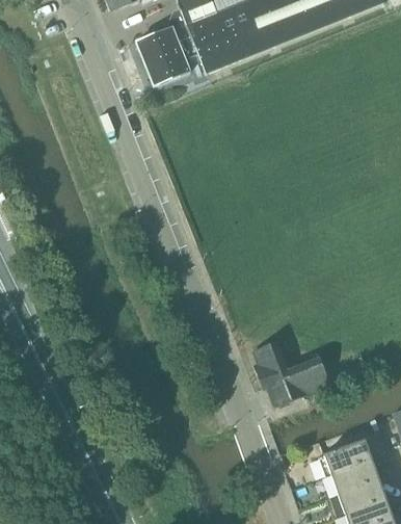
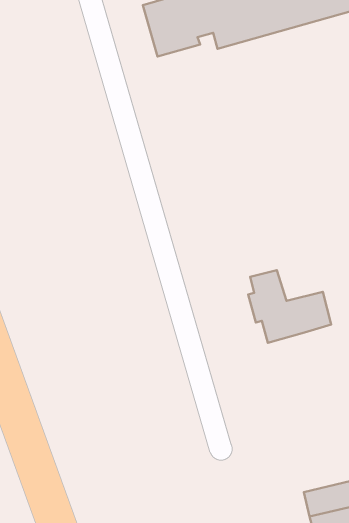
building: [253,339,329,403] -> [248,270,331,343]

